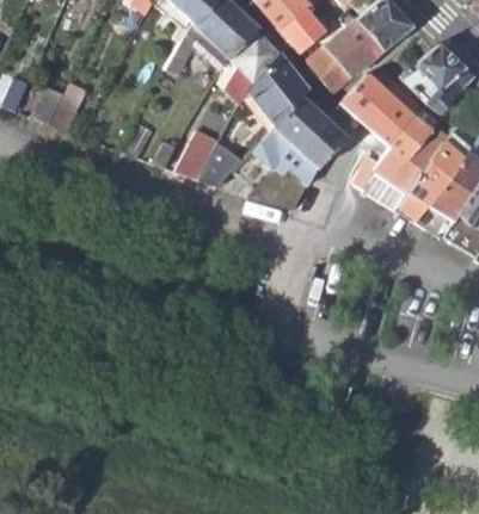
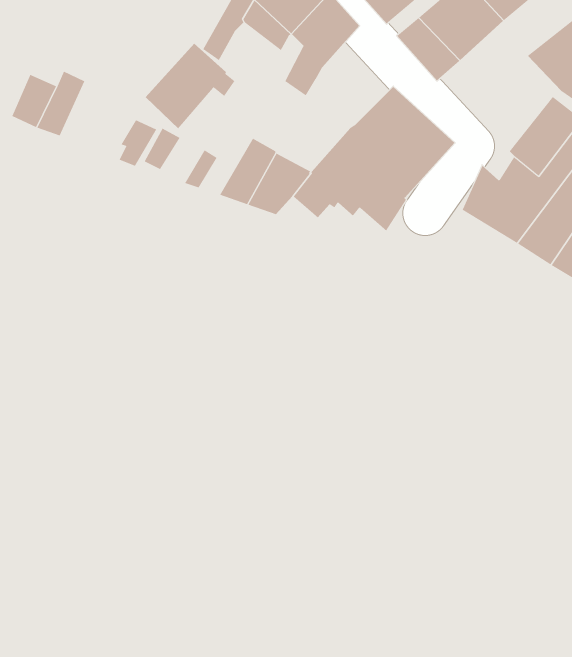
building: [250,52,311,123] -> none
building: none -> [145,43,235,129]
building: [340,72,418,142] -> none

